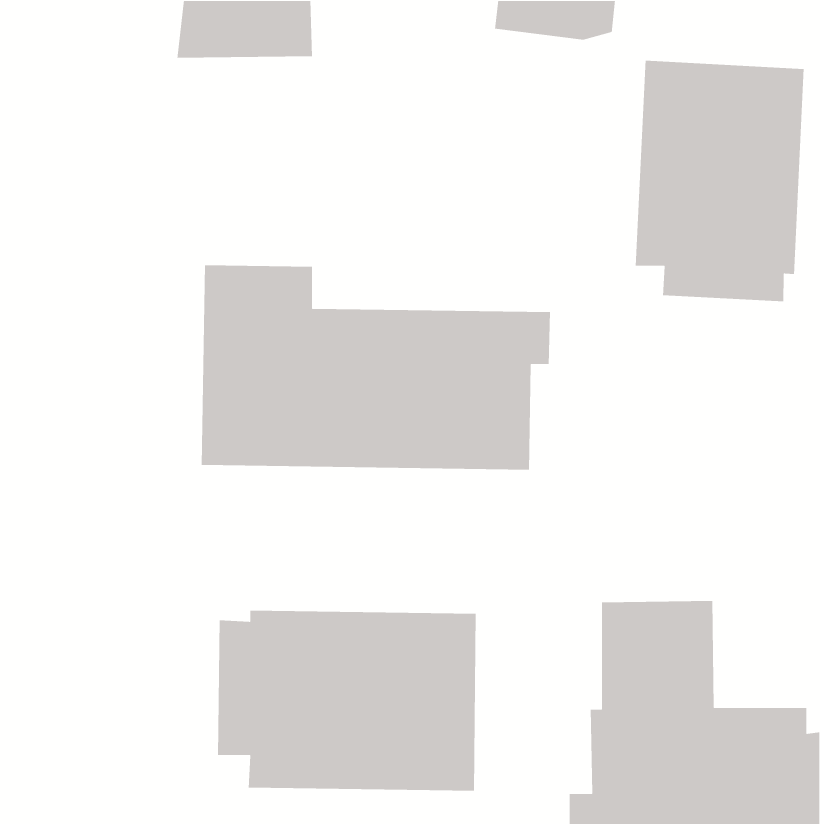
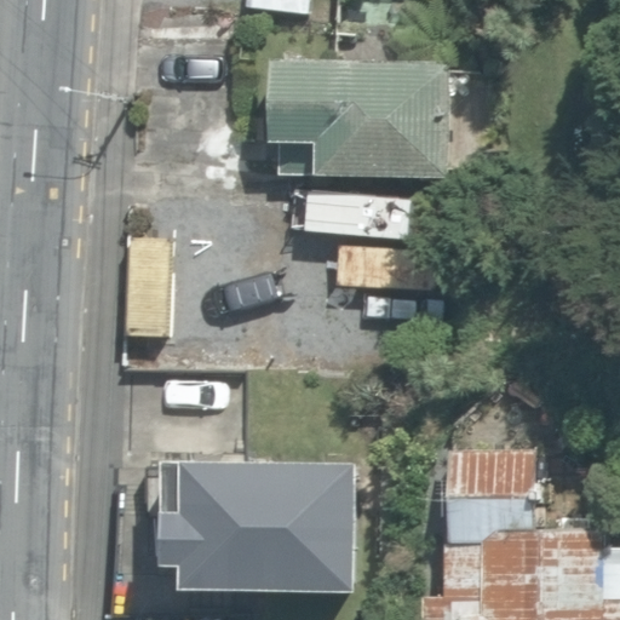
building: [635,60,805,302] -> none
building: none -> [265,58,444,183]

